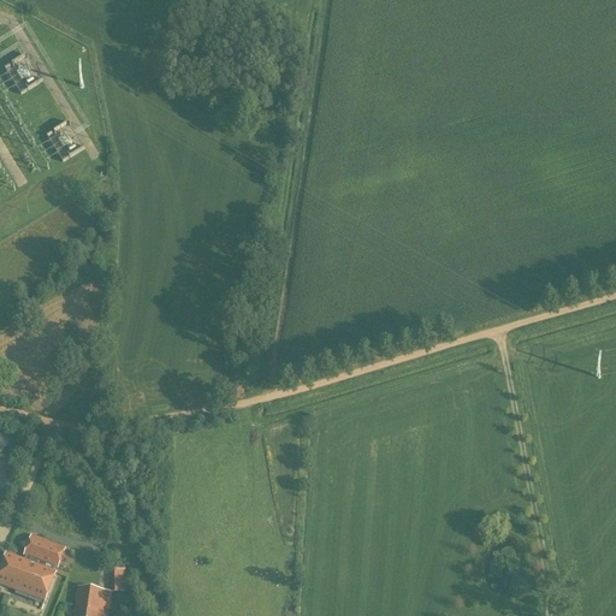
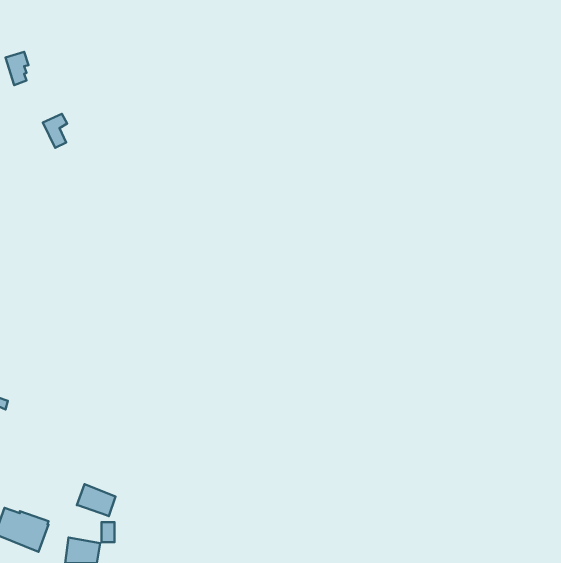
building: [20,534,63,569] -> [77,484,115,516]

